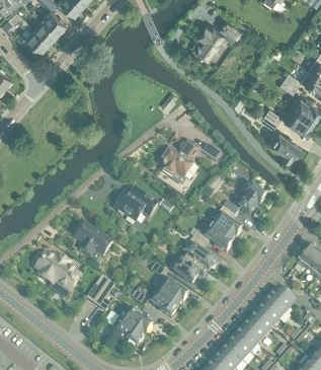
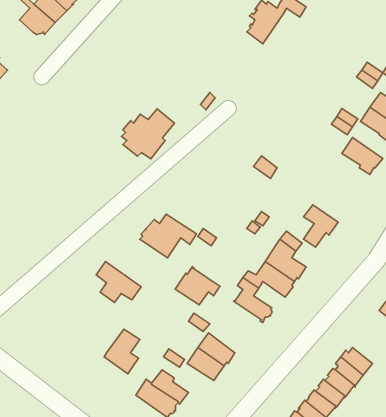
building: [157,148,197,187] -> [122,109,175,159]
building: [34,256,82,294] -> none
building: [173,257,208,287] -> [175,267,220,305]

